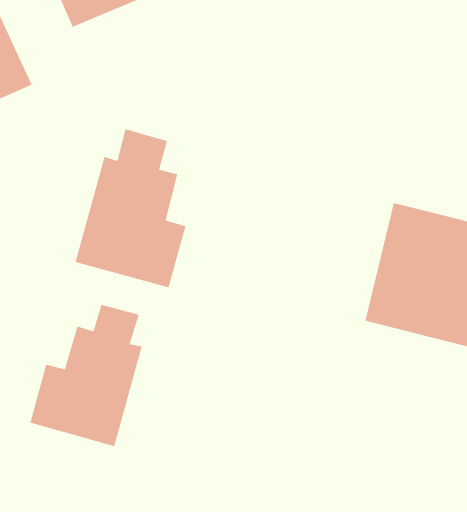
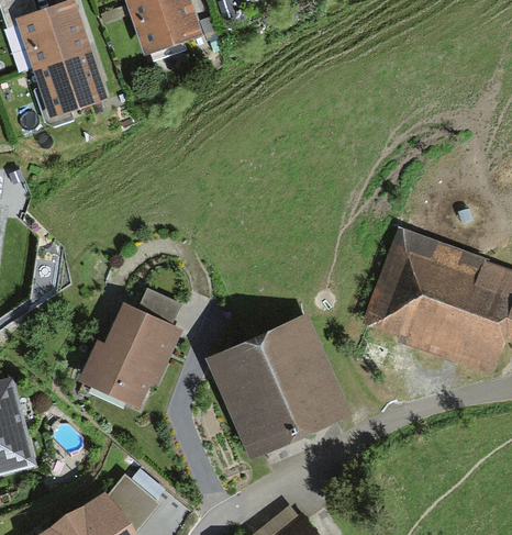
building: [75,129,186,288] -> none
building: none -> [208,321,343,455]

